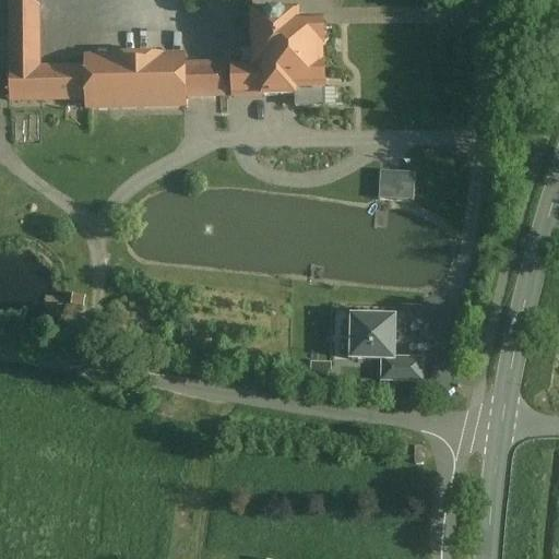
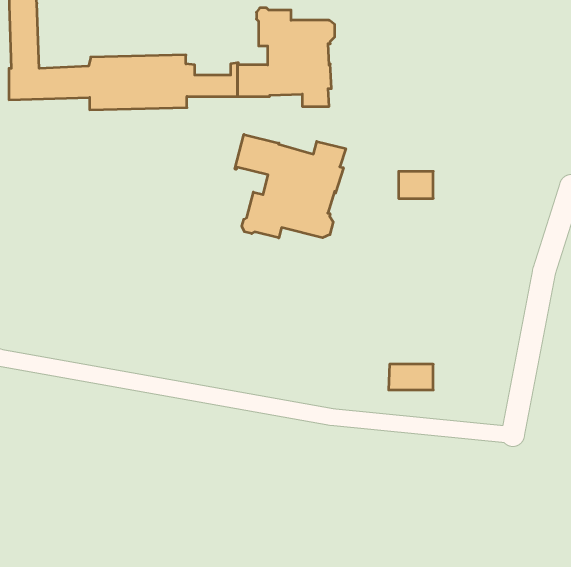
building: none -> [235,134,346,238]
building: [349,312,395,359] -> none

